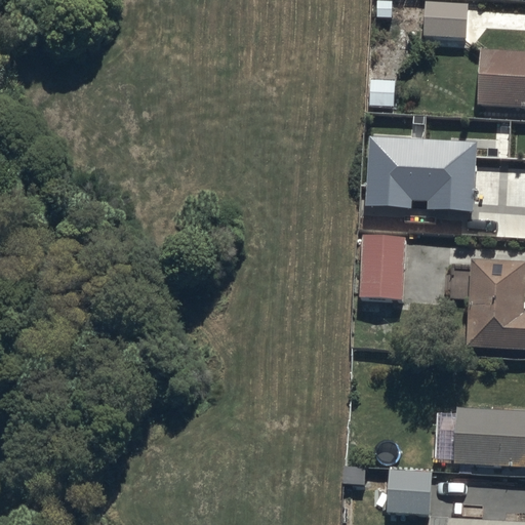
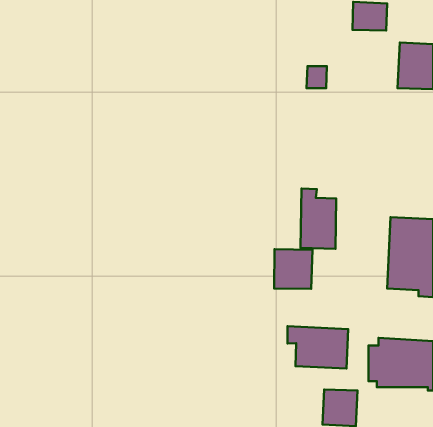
building: [365,128,477,203] -> none
building: none -> [274,249,313,289]
building: none -> [287,326,348,369]

